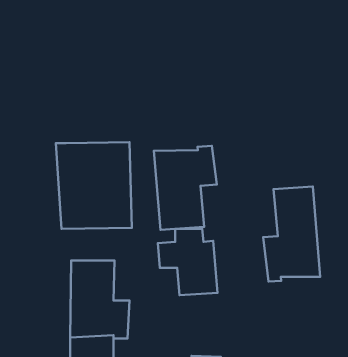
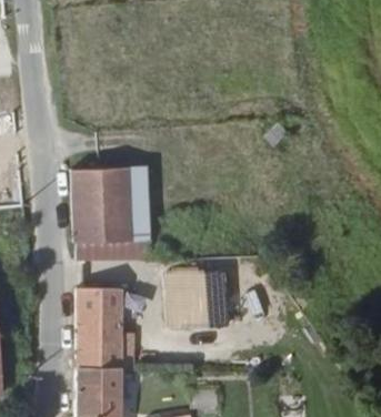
building: [154,146,217,230] -> none
building: [263,187,320,282] -> none

